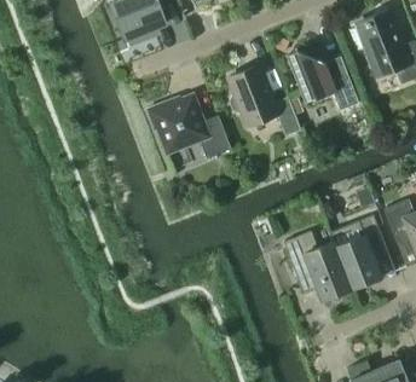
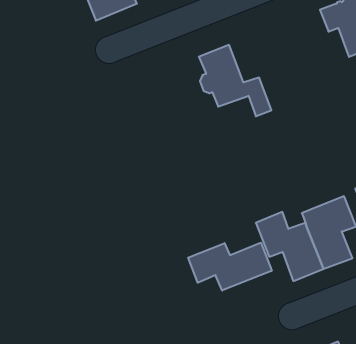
building: [290,50,358,108] -> none
building: [146,94,231,158] -> none
building: none -> [188,243,272,291]

